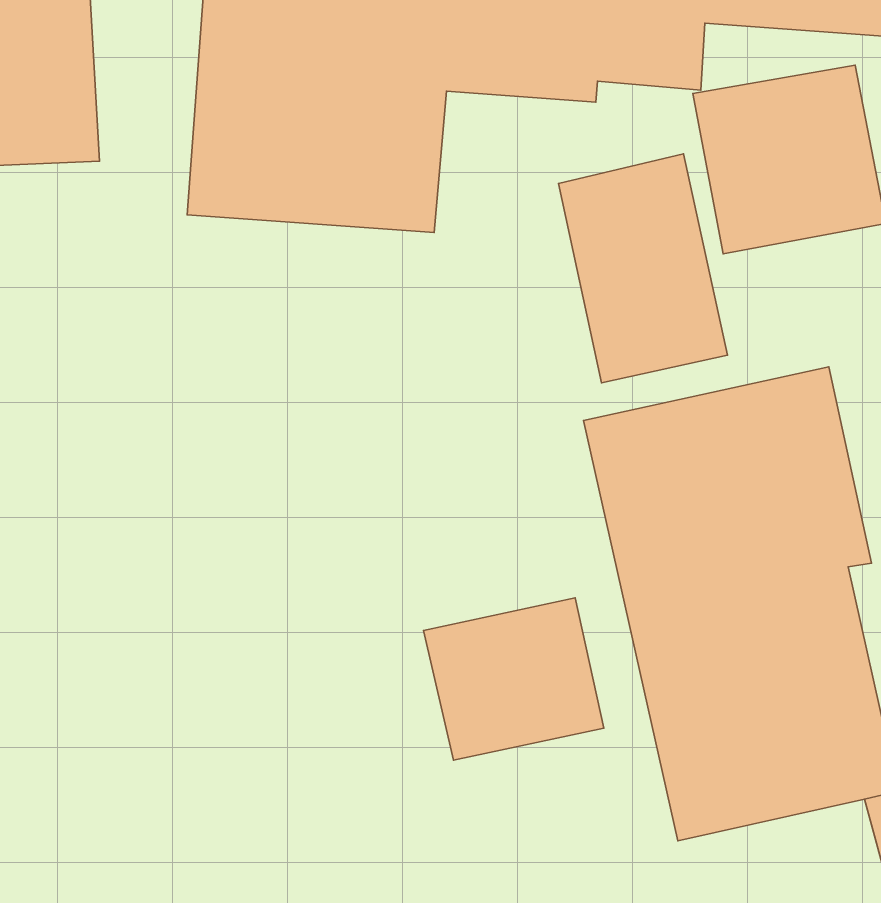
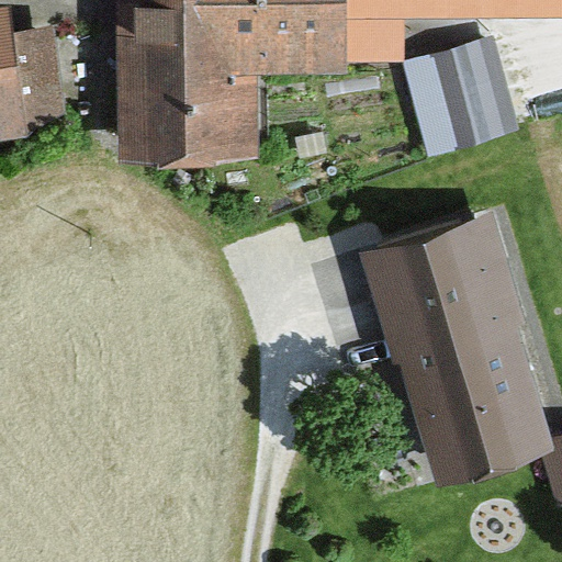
building: [559,154,727,383] -> none
building: [423,598,604,760] -> none

